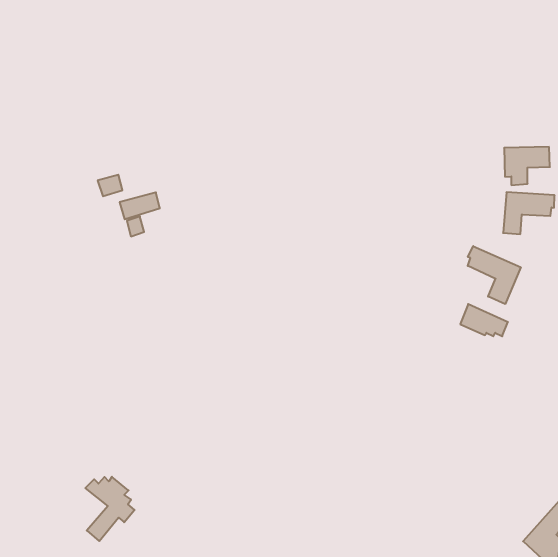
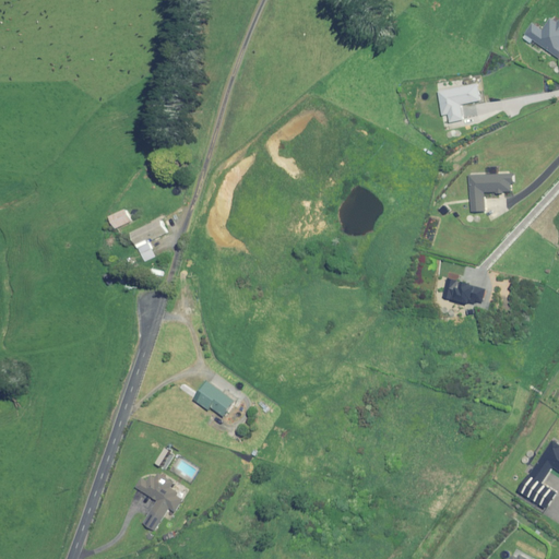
building: [504,147,550,185] -> [438,83,480,121]
building: [468,246,521,304] -> none
building: none -> [193,380,234,415]

